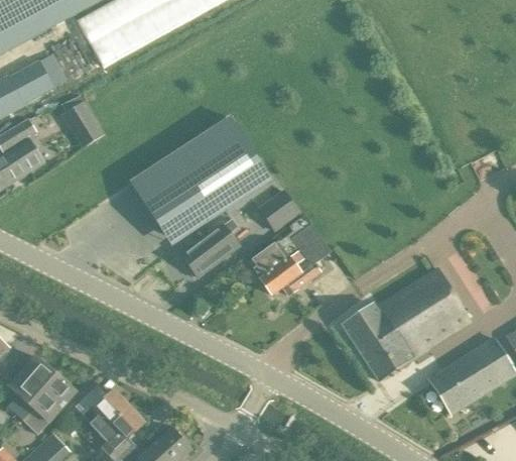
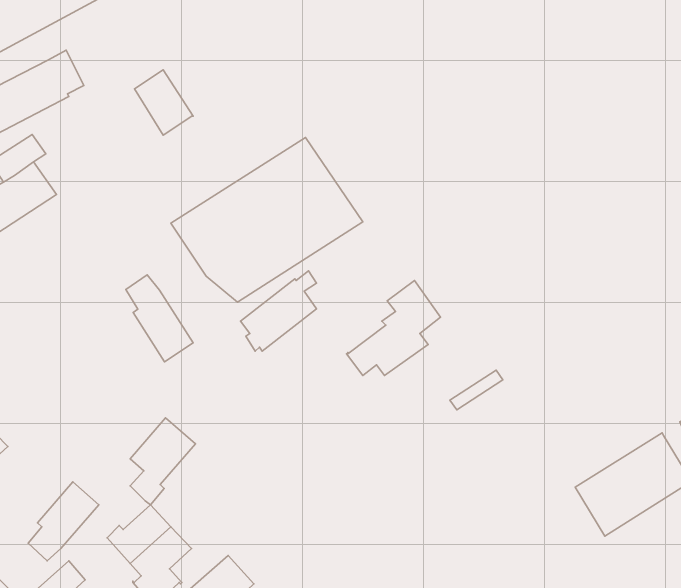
building: [60,99,104,147] -> [135,70,193,135]
building: [258,190,297,229] -> none
building: [249,216,309,278] -> none
building: none -> [126,275,193,362]
building: [342,269,469,380] -> none
building: [8,354,56,419] -> [130,418,195,505]

